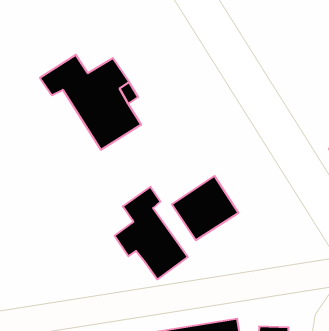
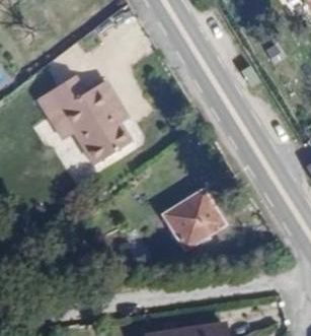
building: [115,187,188,279] -> none

